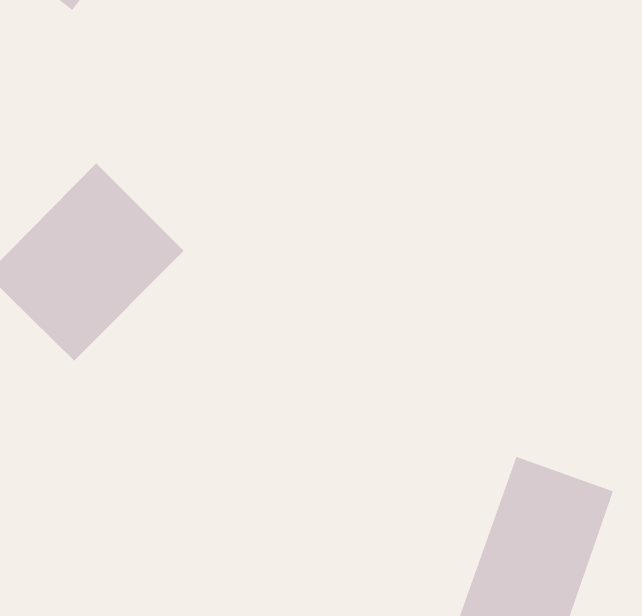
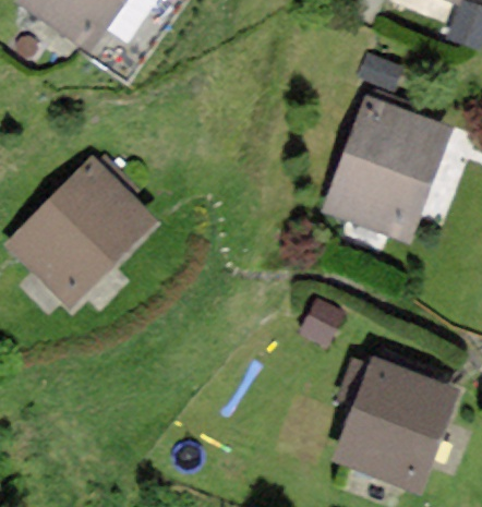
building: none -> [330,102,445,238]

